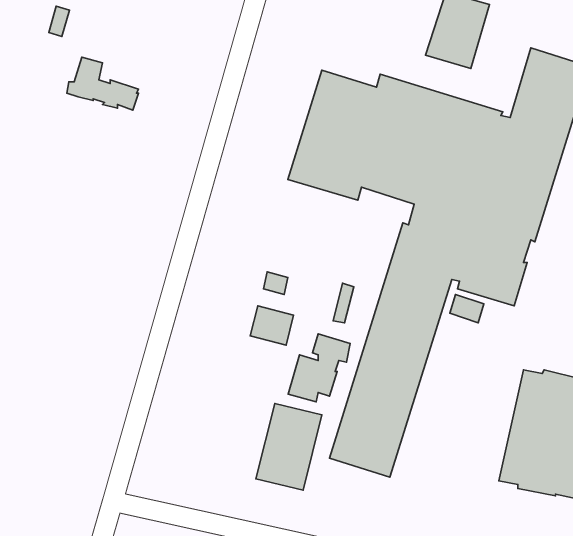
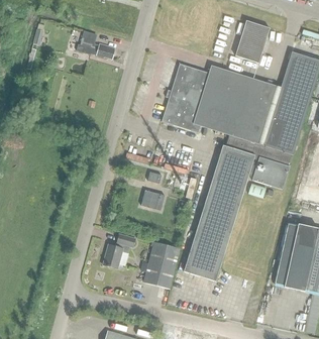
building: [67,57,138,110] -> [76,30,114,59]
building: [288,334,350,402] -> [102,232,135,268]

